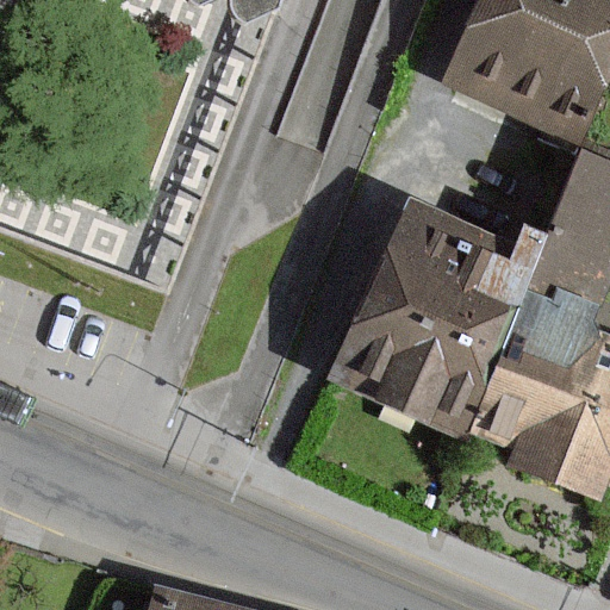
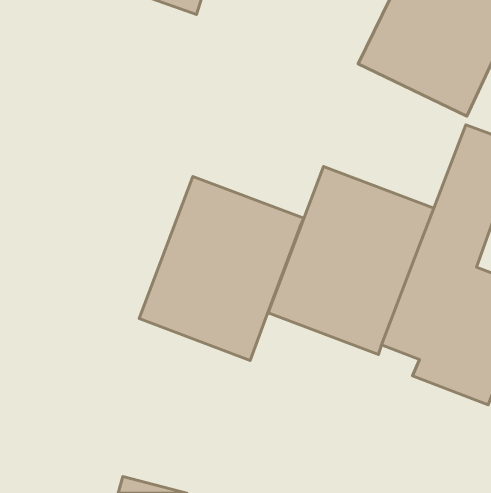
building: none -> [139,176,304,360]

